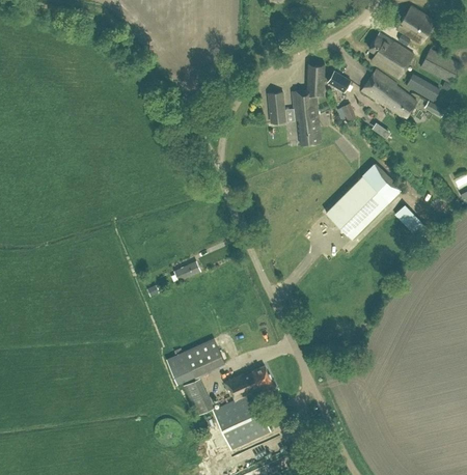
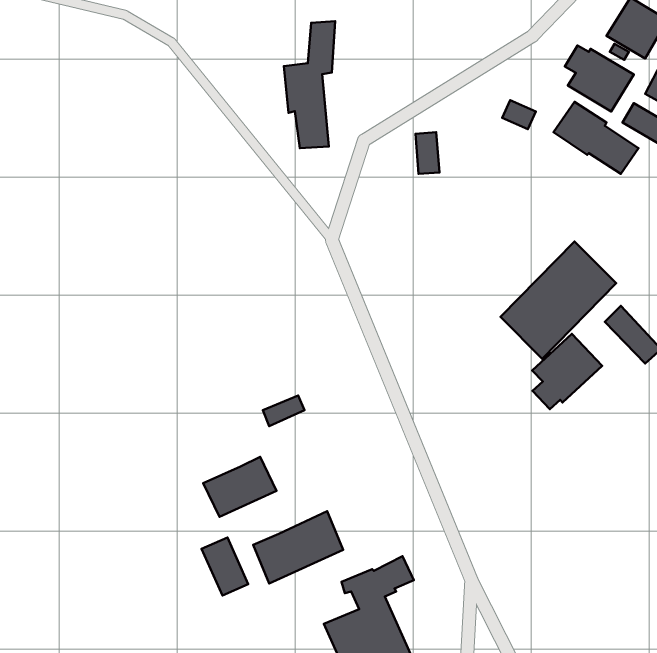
building: [292,63,325,145] -> [284,21,335,148]
building: none -> [532,334,602,409]
building: none -> [203,457,277,517]
building: [184,378,214,415] -> [202,538,248,595]

